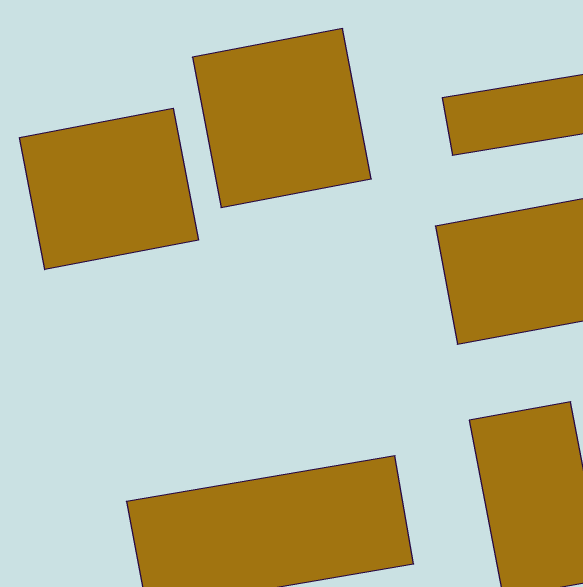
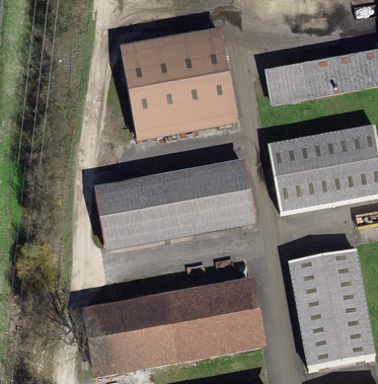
building: [20,108,198,270] -> none
building: none -> [98,162,249,243]

